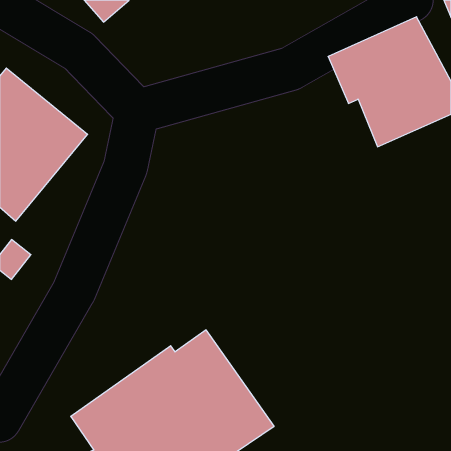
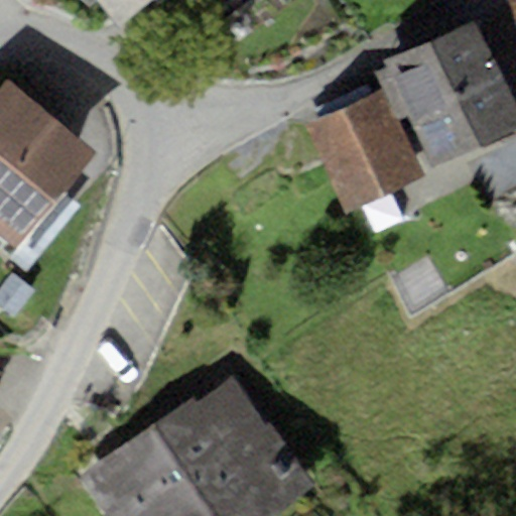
building: none -> [304,91,422,215]

